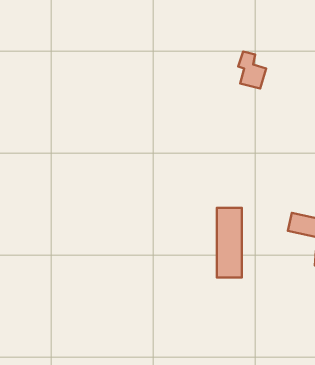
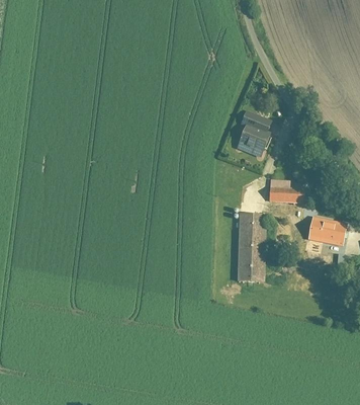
building: [238,52,266,88] -> [237,112,265,150]
building: none -> [268,184,303,204]

